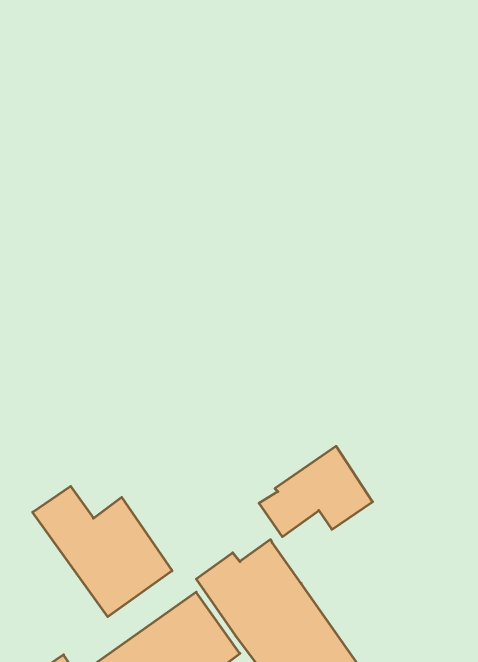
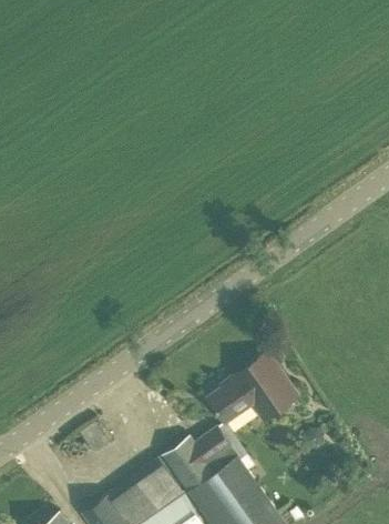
building: [33,486,172,617] -> none

